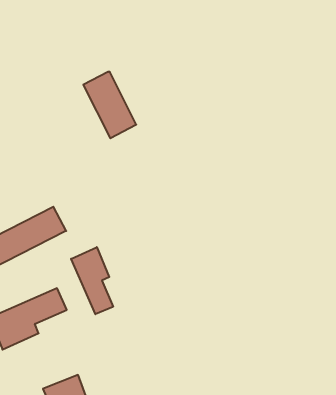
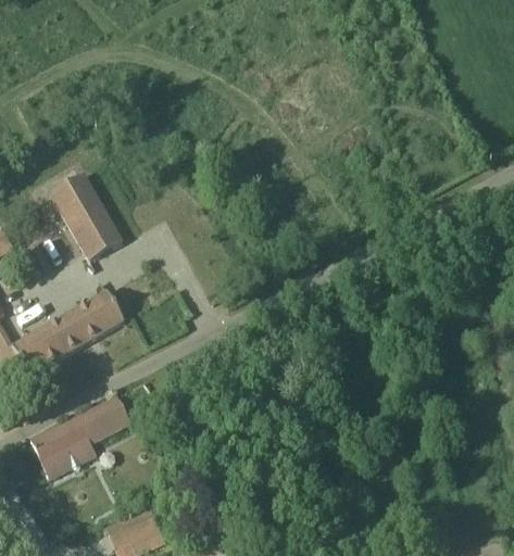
building: [83,72,136,138] -> [50,175,122,261]
building: [71,247,113,314] -> none

